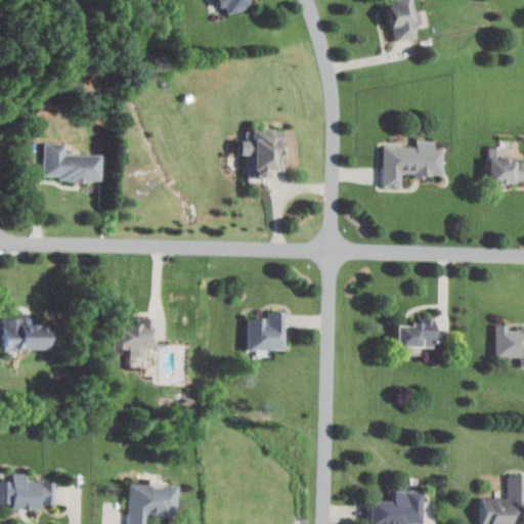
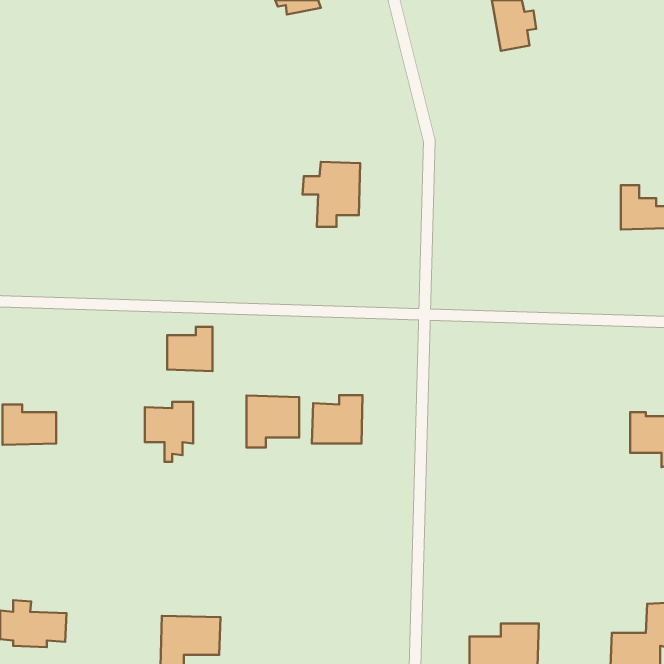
building: [383,140,445,187] -> none
building: [45,143,99,180] -> none
building: none -> [167,327,212,371]
building: none -> [246,395,299,447]
building: [397,319,435,347] -> none

